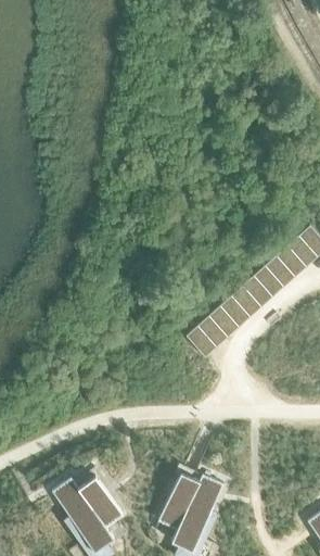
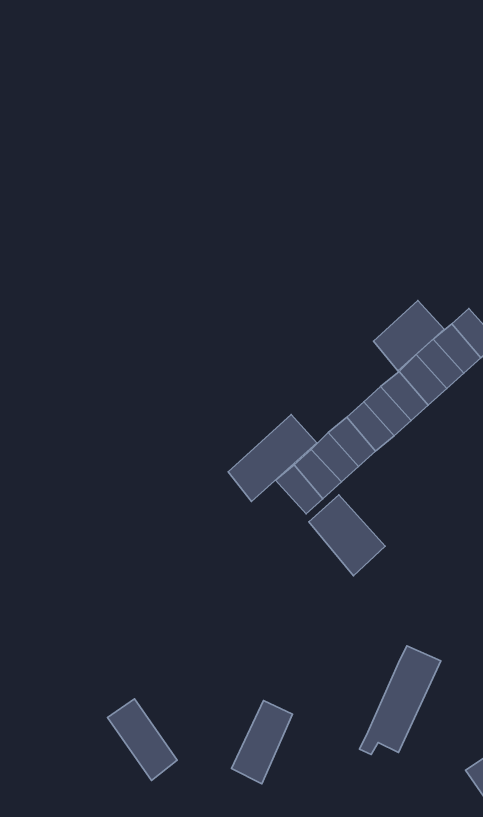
building: none -> [373,300,444,371]
building: none -> [228,415,317,501]
building: none -> [309,495,385,576]
building: [171,476,223,545] -> [359,646,441,754]
building: [51,479,114,545] -> none

